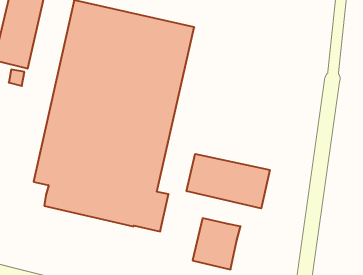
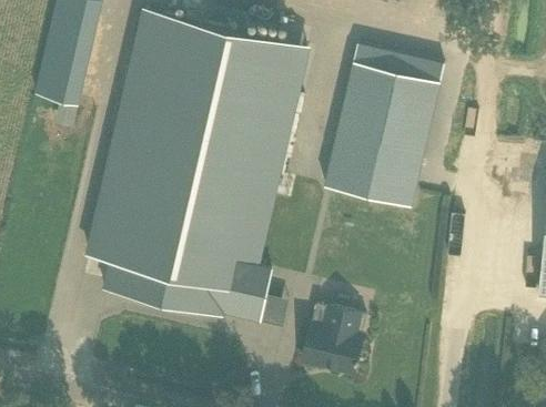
building: none -> [324,43,444,206]
building: [187,154,270,208] -> none

